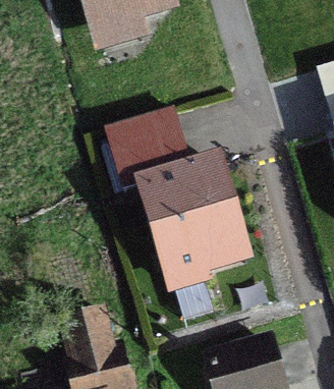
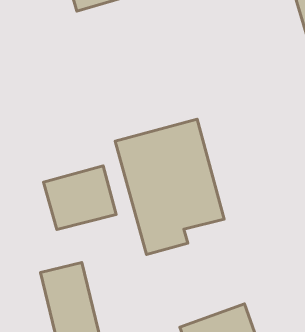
building: [116,110,189,174] -> [44,166,116,230]

